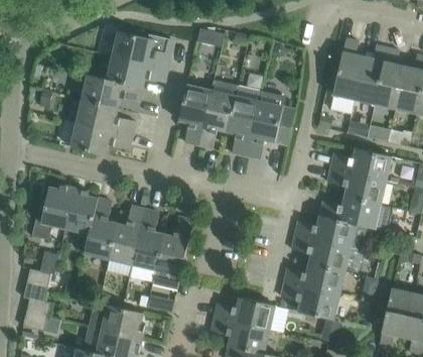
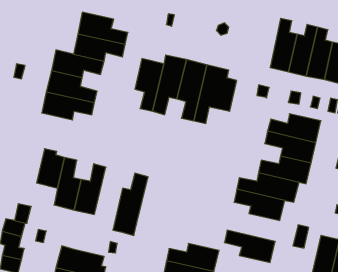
building: [32,186,75,240] -> none
building: [129,210,164,282] -> none
building: [284,263,344,295] -> none

